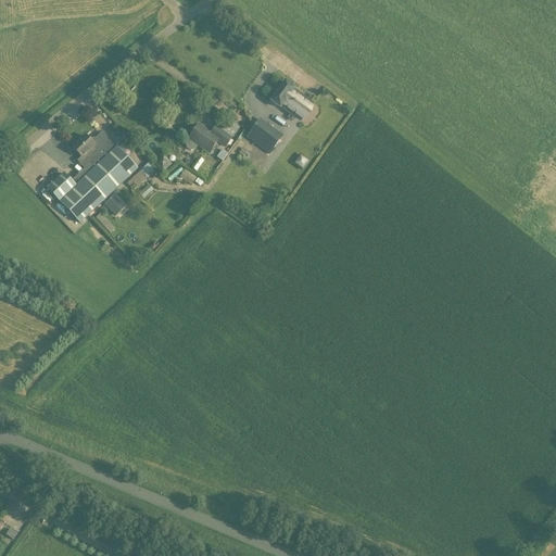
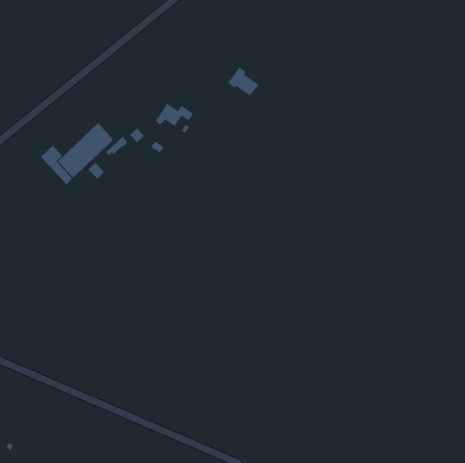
building: [248,121,280,151] -> none
building: [73,130,117,173] -> none

